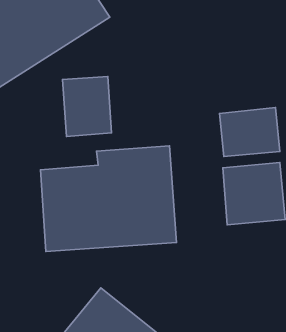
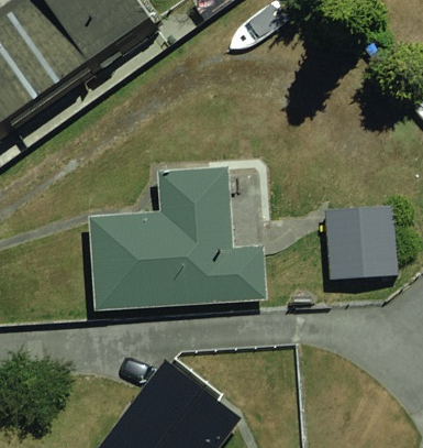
building: [63,77,112,137] -> none
building: [220,108,280,157] -> none

